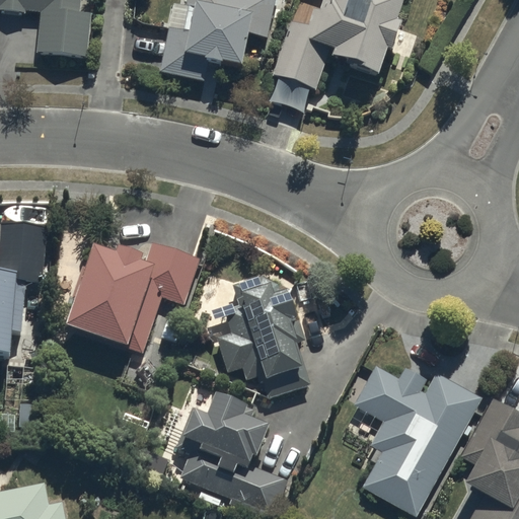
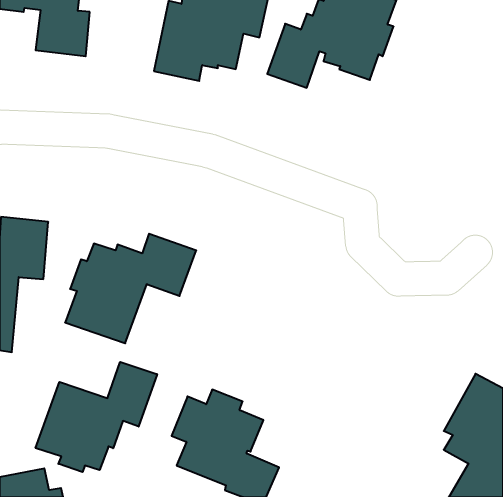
building: [215,275,310,398] -> none
building: [350,352,477,505] -> none
building: none -> [36,362,157,472]

